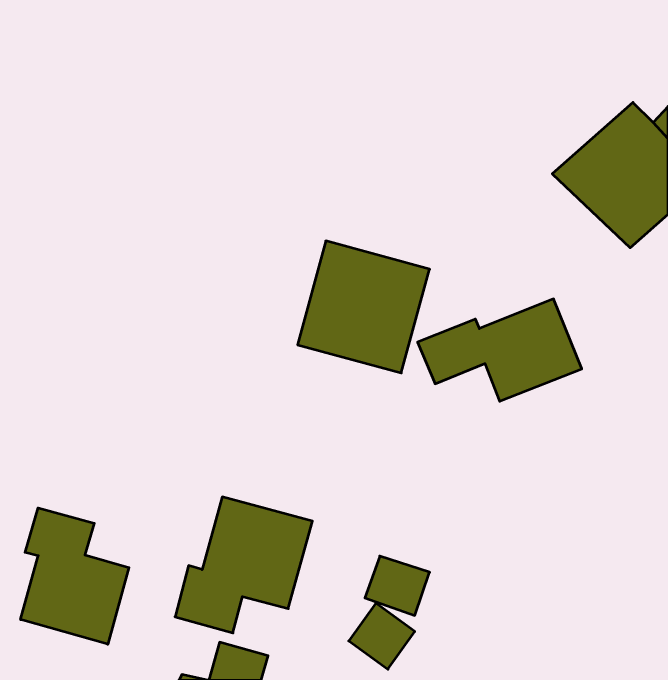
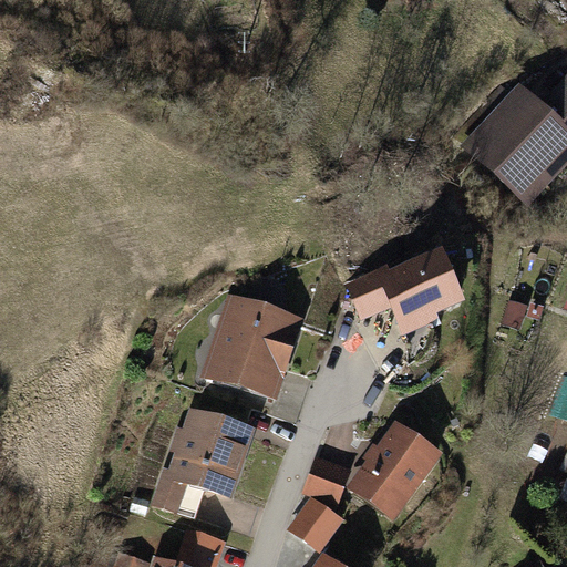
building: [298,241,430,373] -> [199,291,308,400]
building: [21,508,129,644] -> none
building: none -> [355,420,455,522]

